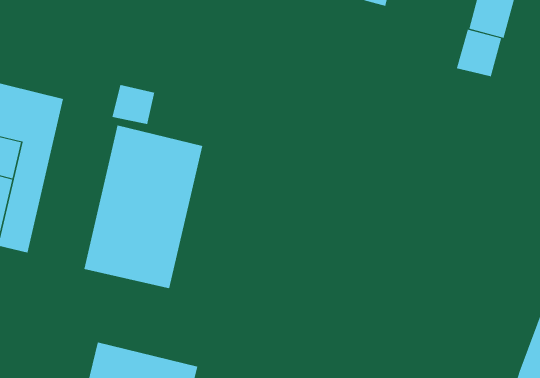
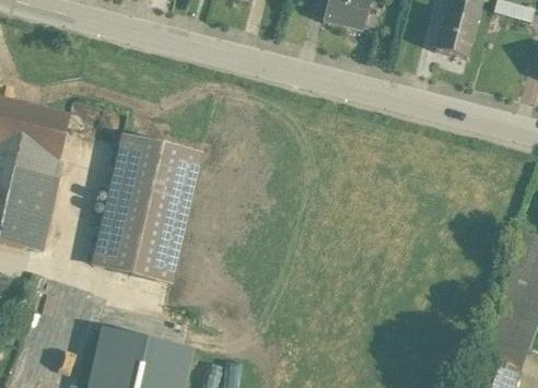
building: [456,29,502,77] -> none
building: [112,84,155,125] -> none

